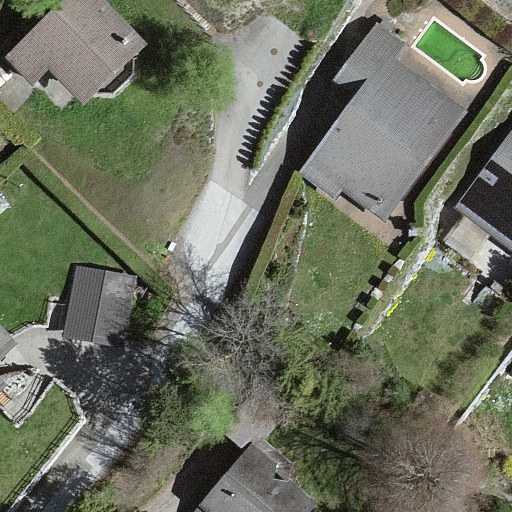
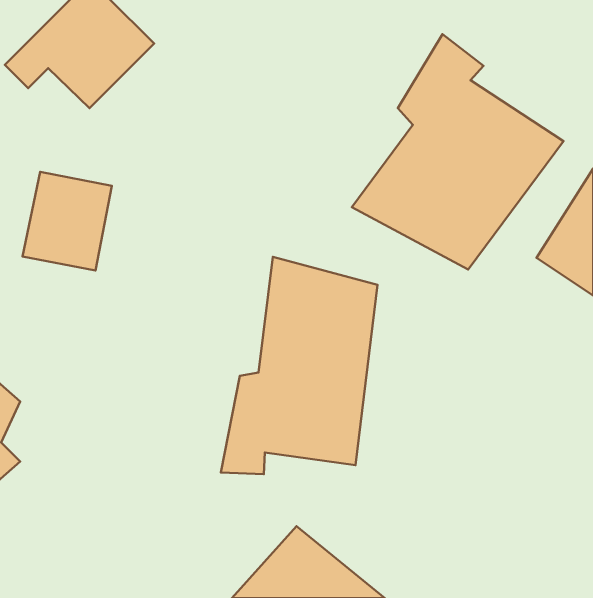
building: none -> [221,257,378,474]
building: [55,250,131,334] -> [23,172,112,271]

